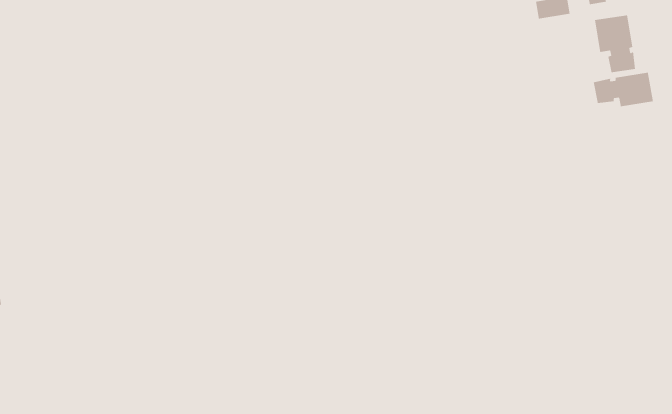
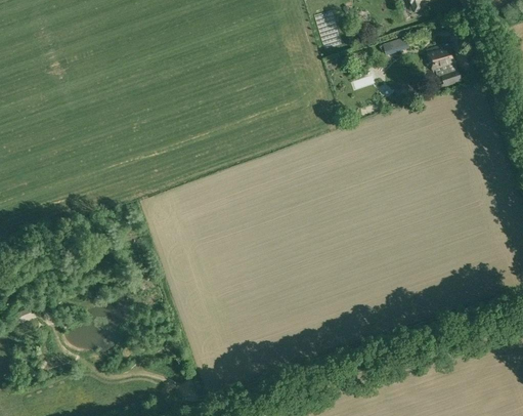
building: [593,72,653,107] -> none

